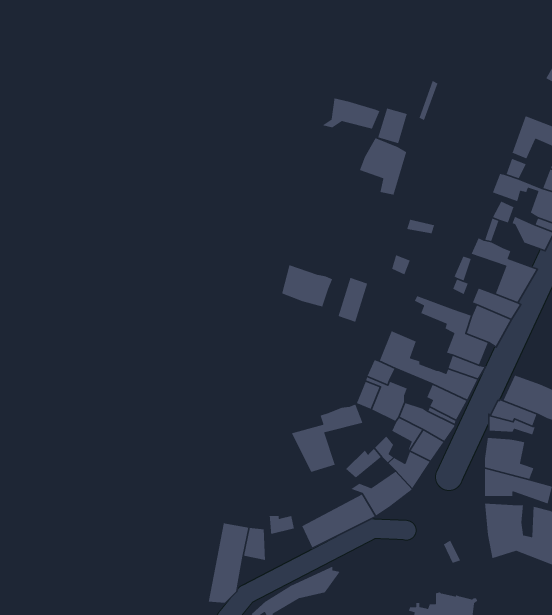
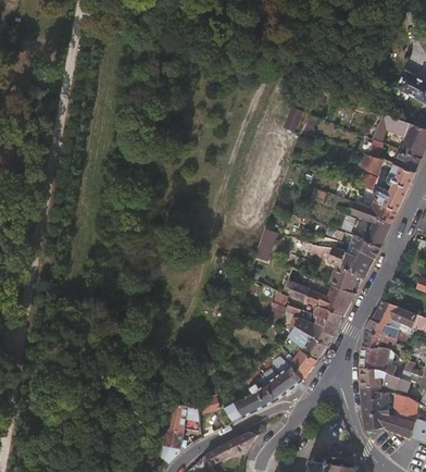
building: [321,97,381,130] -> none
building: [359,137,407,196] -> none
building: none -> [372,190,401,223]
building: [281,264,333,308] -> none
building: [291,404,363,473] -> none

